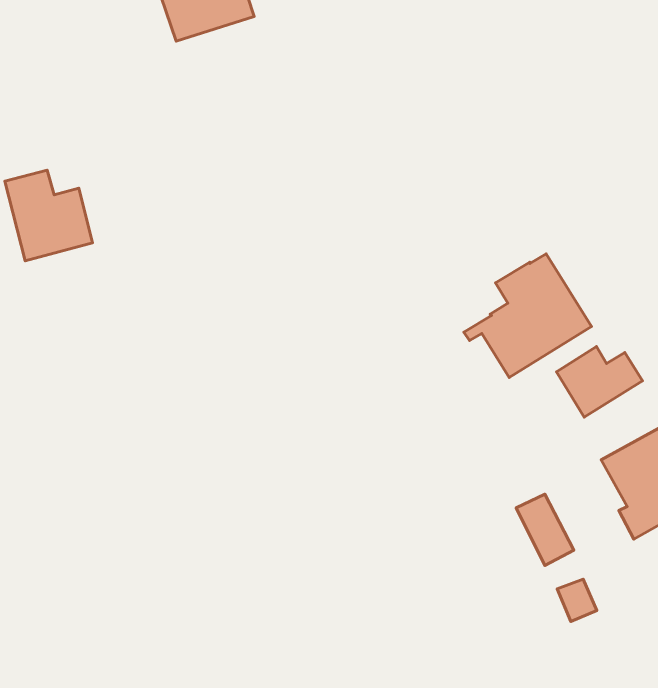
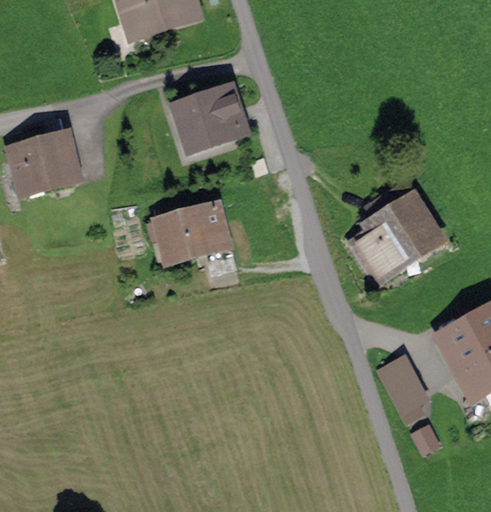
building: none -> [179,95,242,148]
building: none -> [148,208,232,262]
building: [557,347,643,417] -> none

